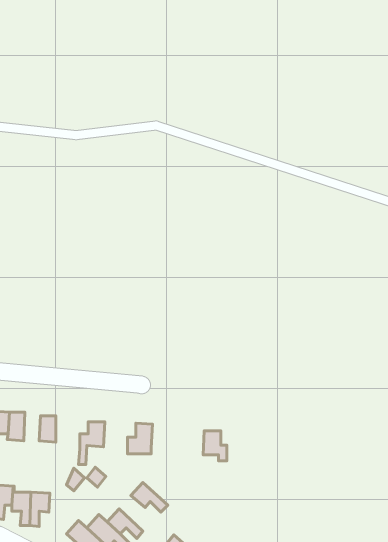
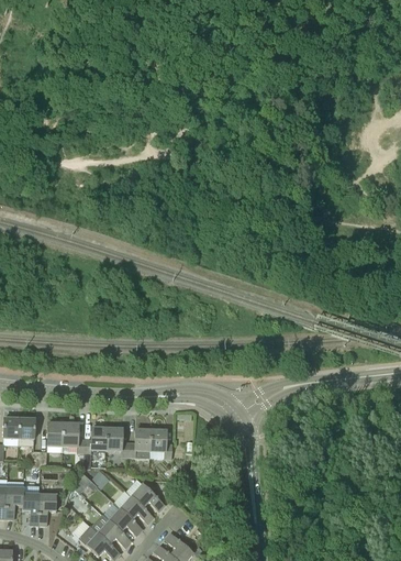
building: none -> [63,421,85,452]
building: none -> [107,427,129,457]
building: [203,431,227,461] -> [151,429,172,457]
building: none -> [121,495,155,528]

